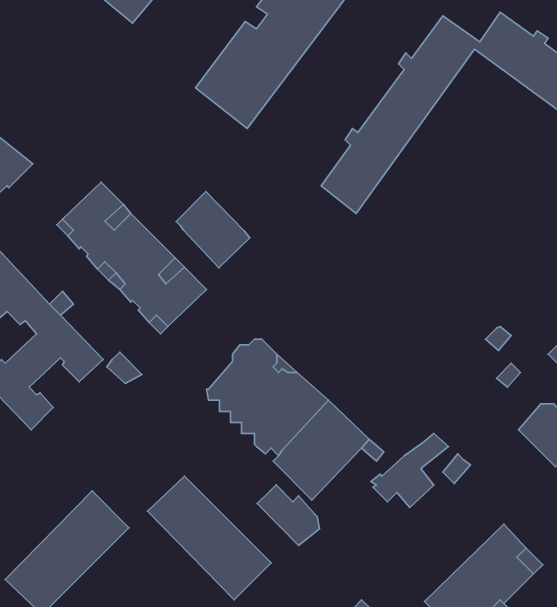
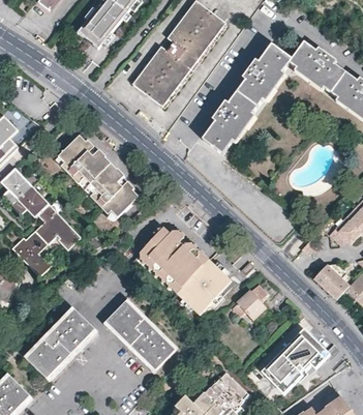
building: [176,191,250,268] -> none
building: [257,485,319,545] -> none

